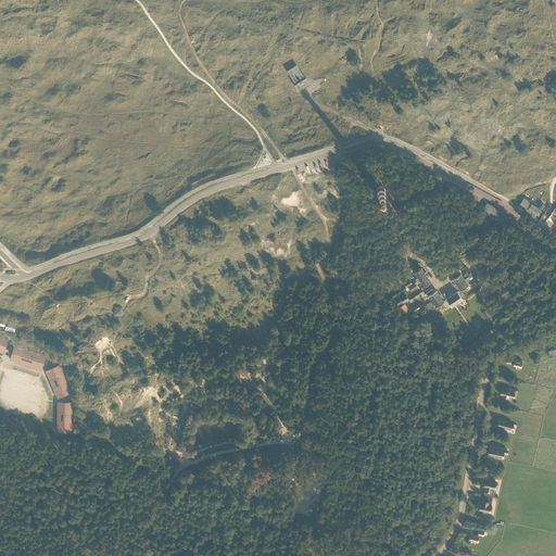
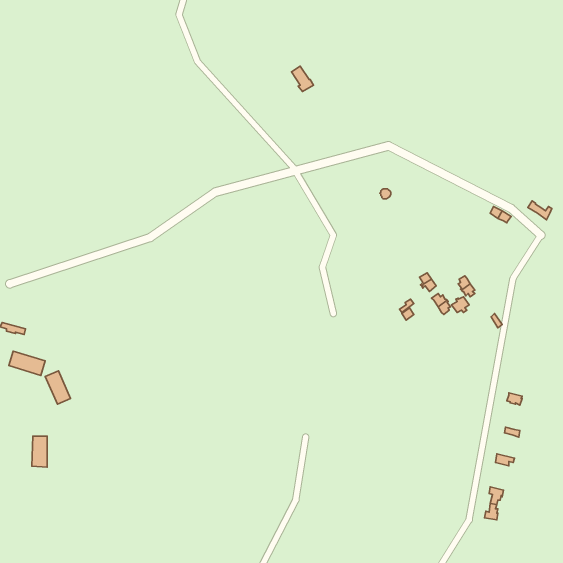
building: [55,403,71,433] -> [32,436,47,467]

